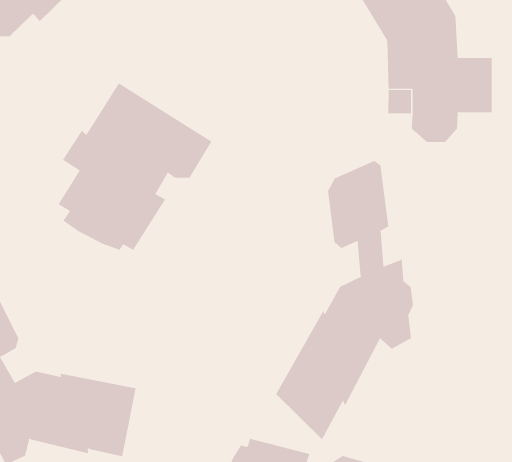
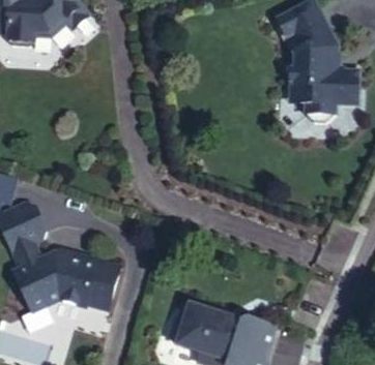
building: [58,83,212,251] -> none
building: [276,160,413,440] -> none

